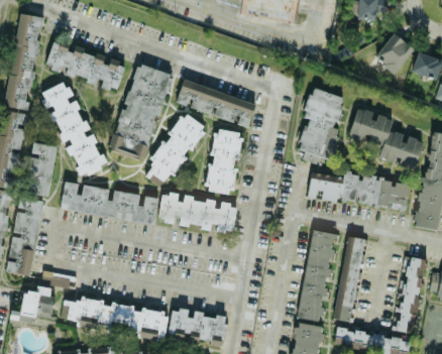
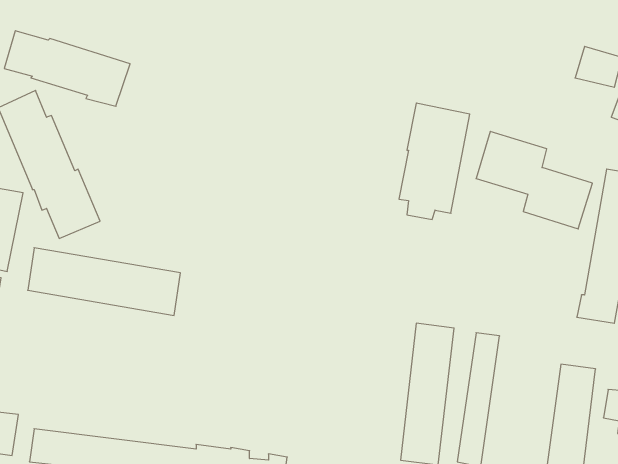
building: [374,32,415,74] -> none
building: [109,64,173,161] -> none
building: [177,79,256,127] -> none
building: [142,112,206,189] -> none
building: [206,128,242,195] -> none
building: [308,171,411,212] -> none
building: [158,193,237,232] -> none

